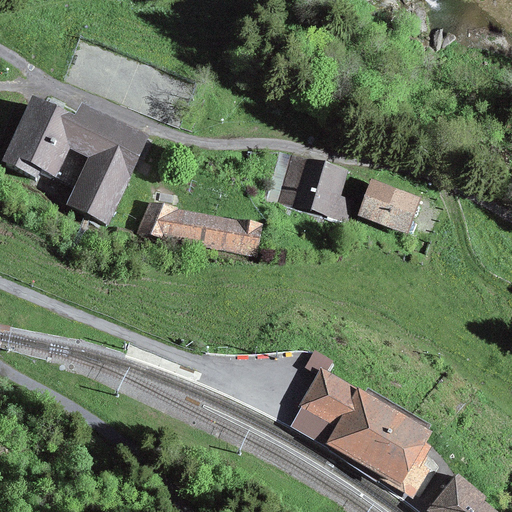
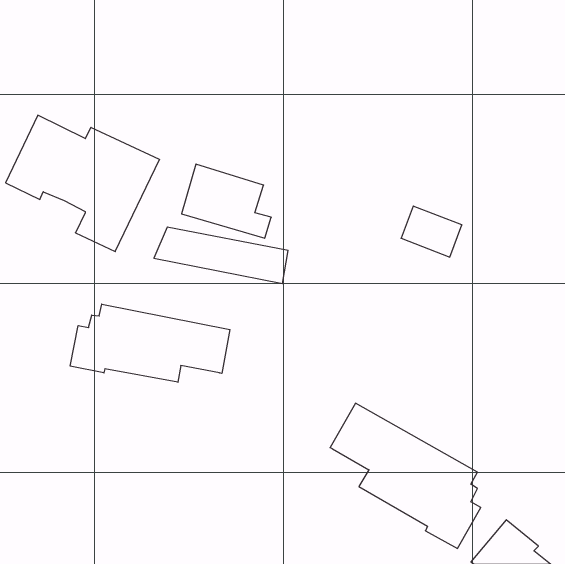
building: [267,155,348,222] -> [182,164,271,238]
building: none -> [70,304,230,382]
building: [289,405,333,442] -> none

